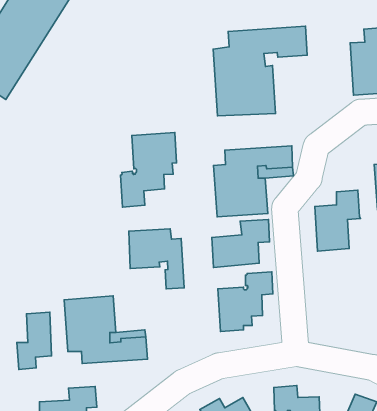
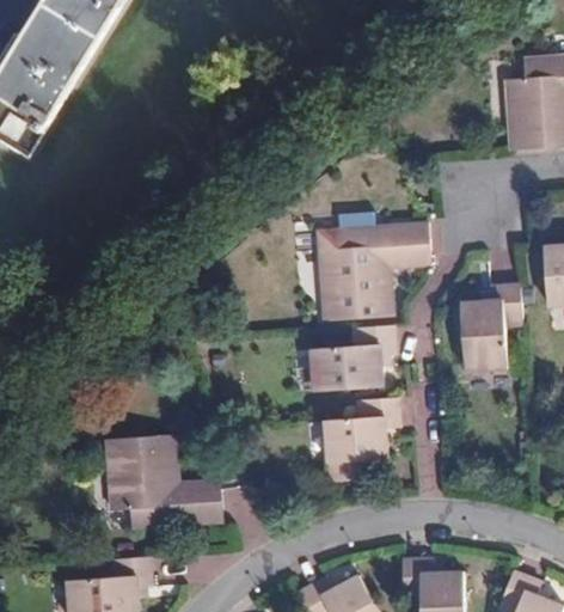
building: [213,26,307,116] -> none
building: [121,133,176,207] -> none
building: [129,229,184,289] -> none
building: [17,312,52,369] -> none

